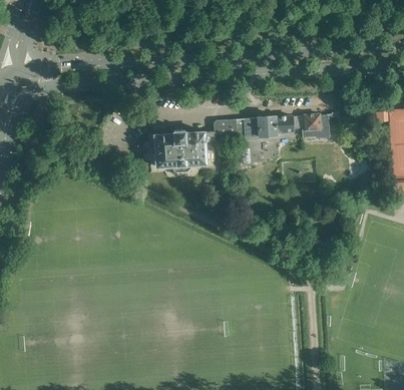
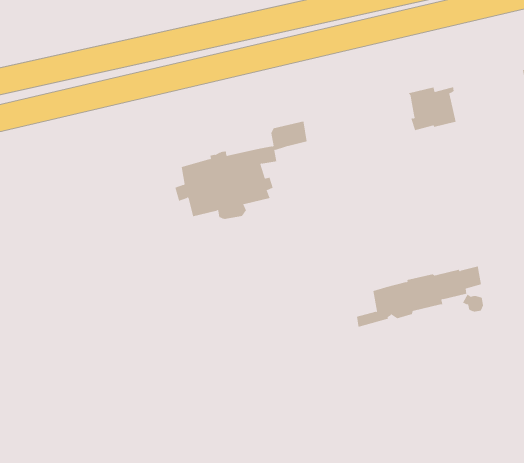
building: [223,116,304,141] -> [356,266,482,327]

